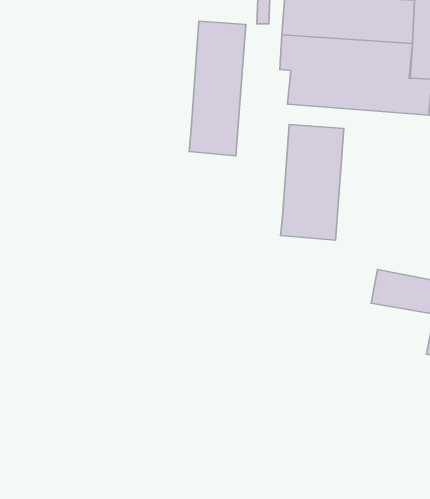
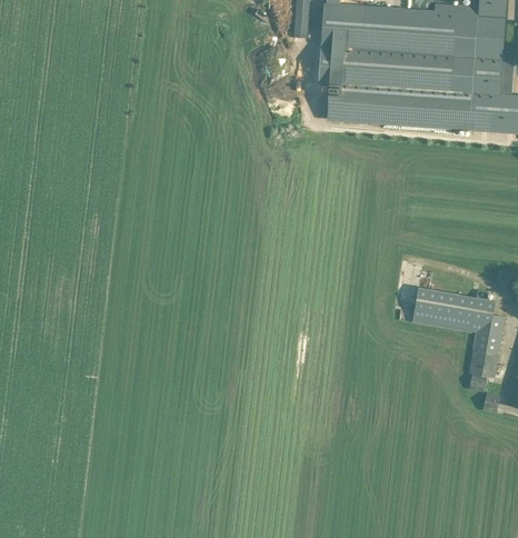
building: [189,21,246,156] -> none
building: [281,125,344,240] -> none

